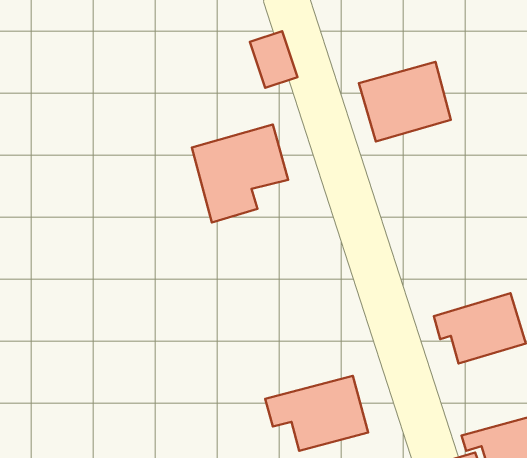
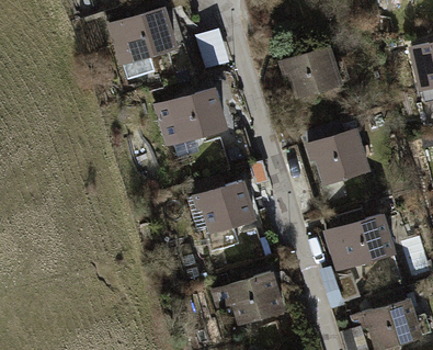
building: none -> [109,11,178,64]
building: none -> [306,124,371,184]
building: none -> [186,181,255,233]

